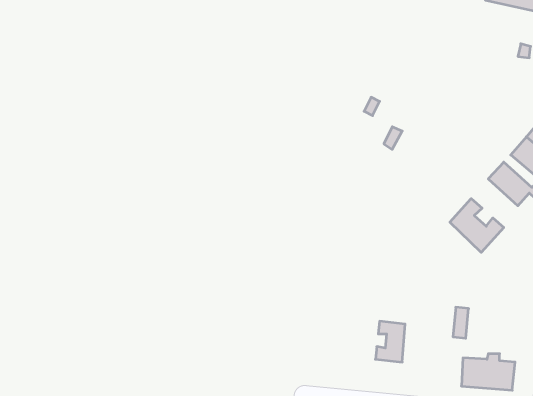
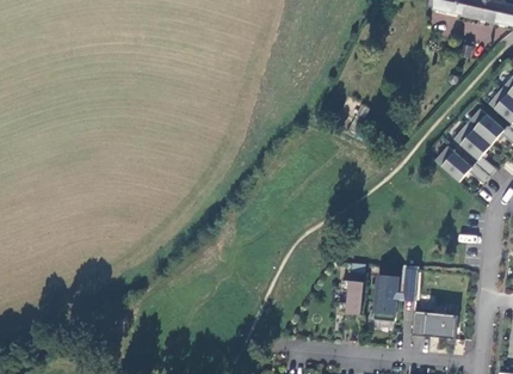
building: [450,199,504,252] -> none
building: none -> [373,275,398,321]

